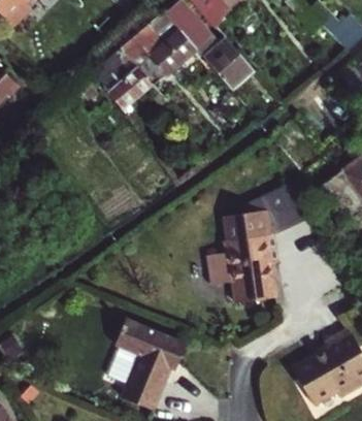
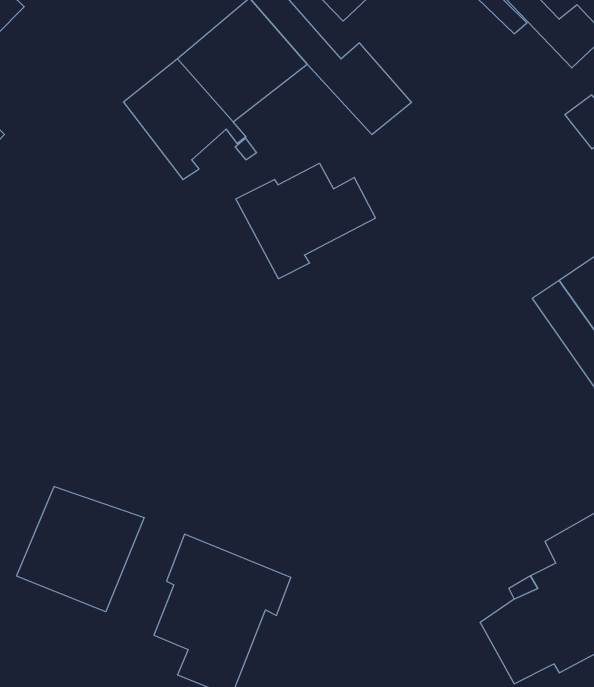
building: none -> [236,163,375,279]
building: [221,182,308,302] -> none
building: none -> [17,486,144,612]

